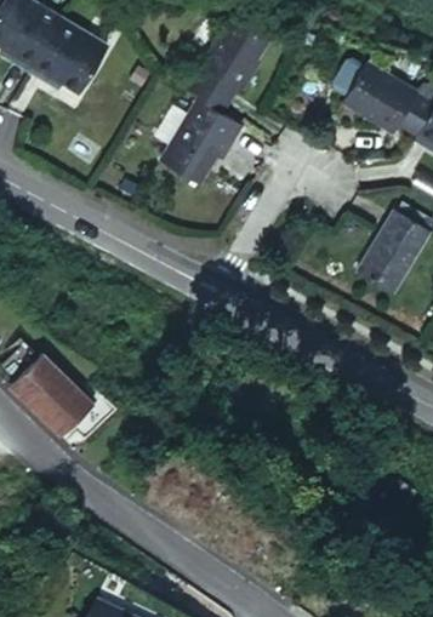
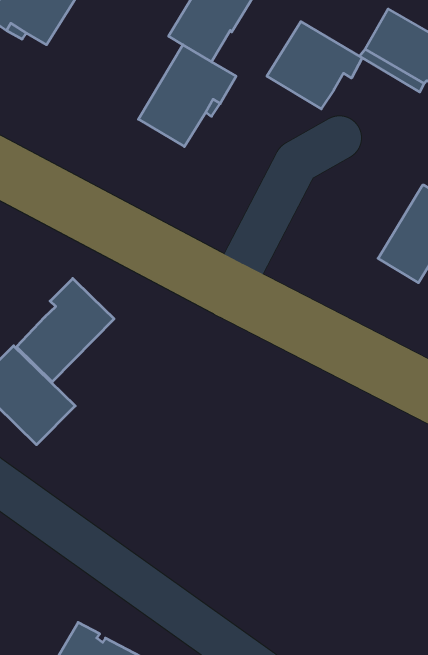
building: none -> [267,22,362,109]
building: none -> [17,278,114,382]

